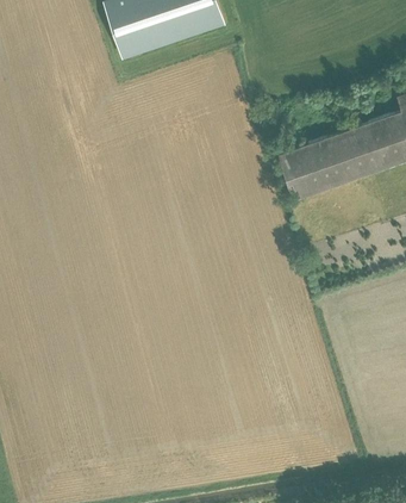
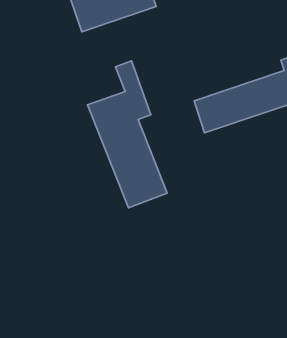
building: none -> [87,61,167,208]

